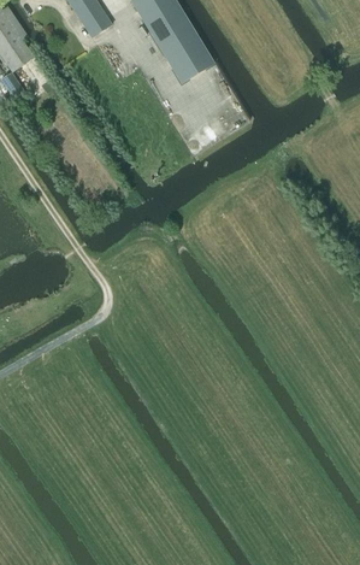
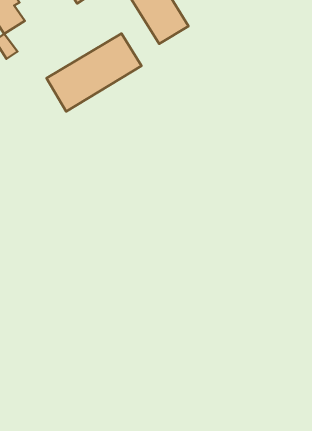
building: none -> [47,33,142,112]

